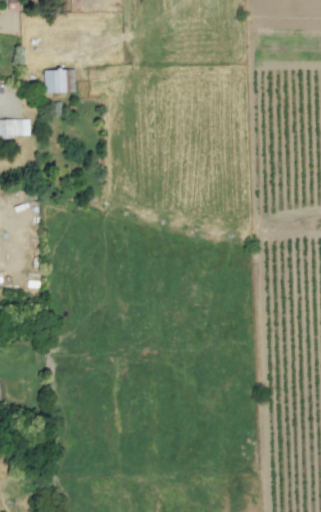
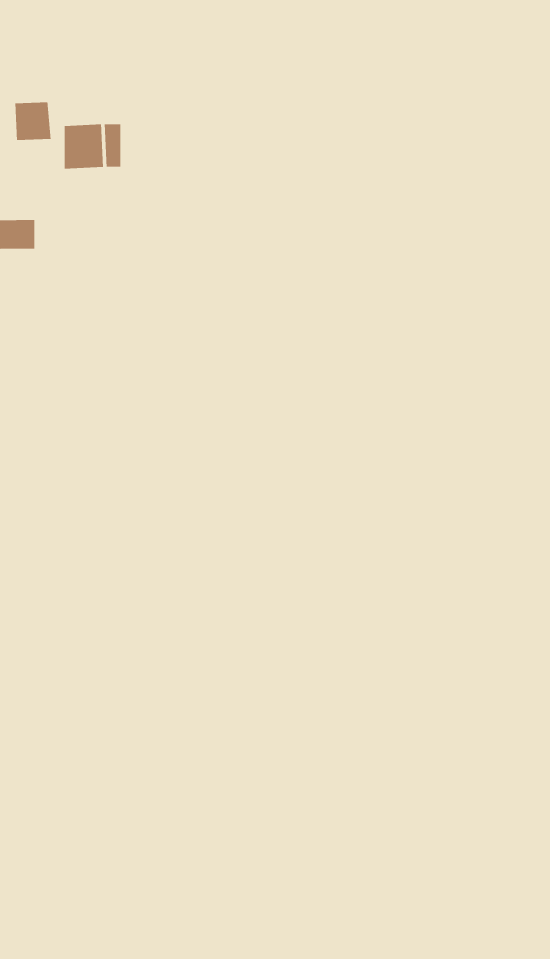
building: none -> [15,101,51,141]

